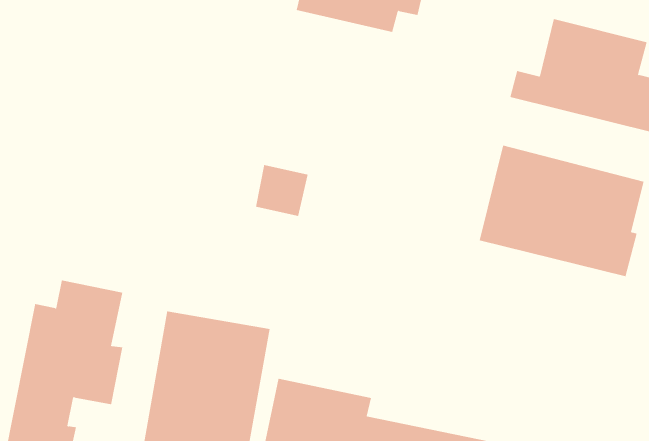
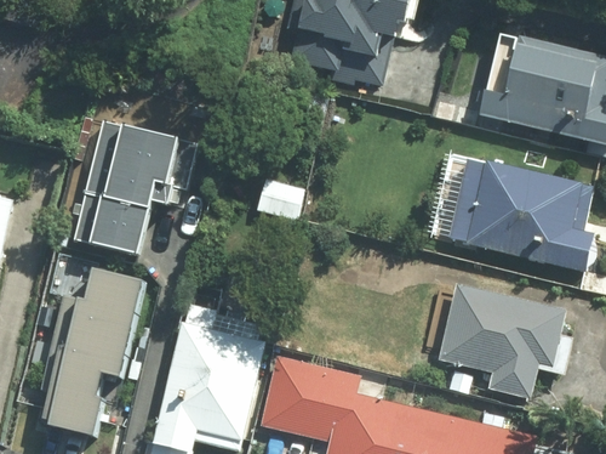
building: none -> [75,121,195,255]
building: none -> [439,285,571,397]

